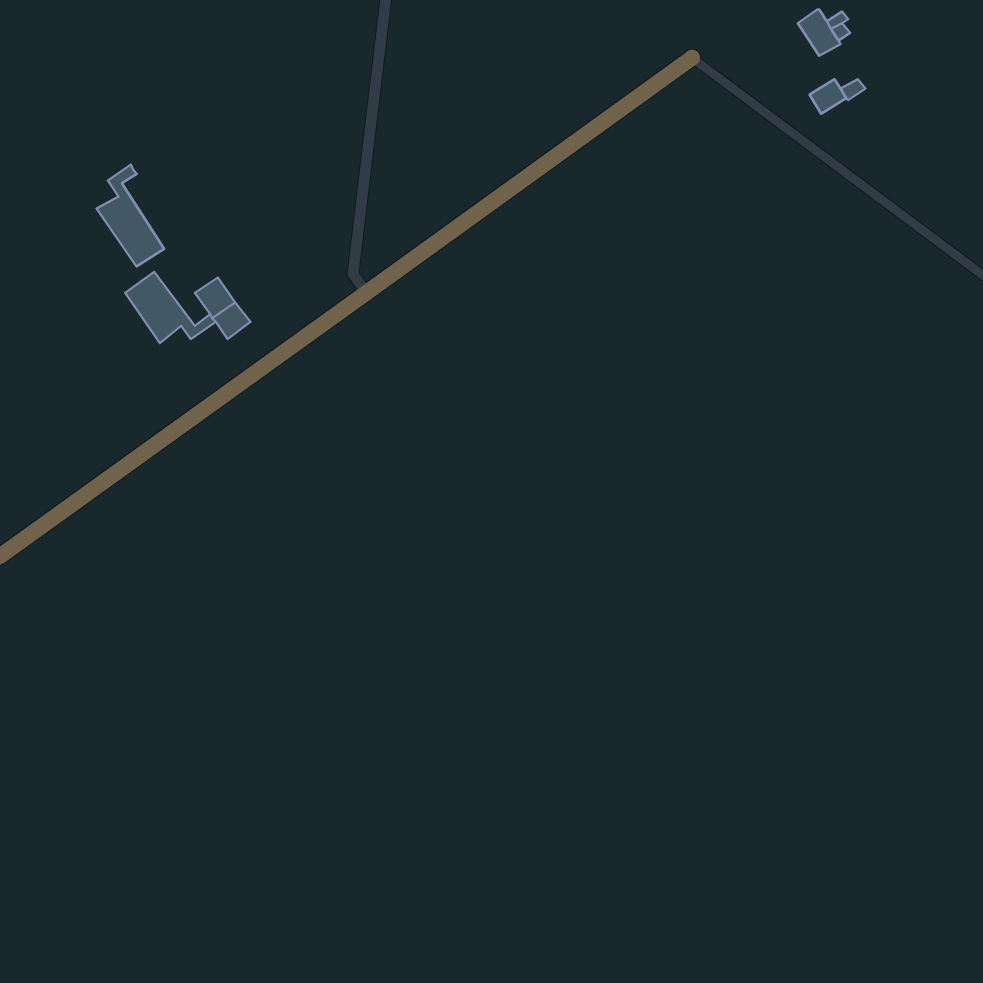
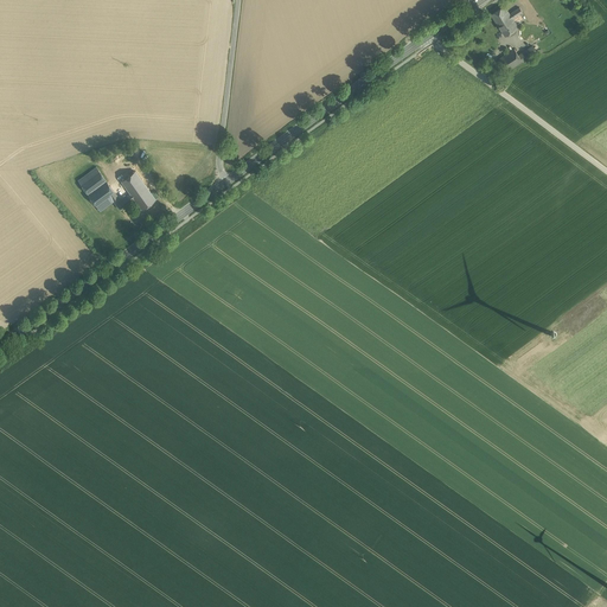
building: [96,165,164,267] -> none

